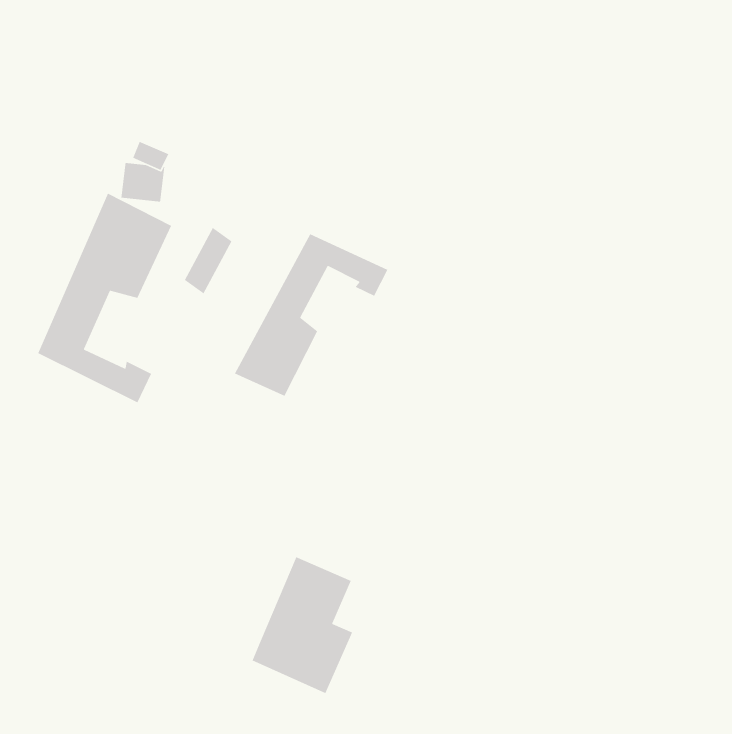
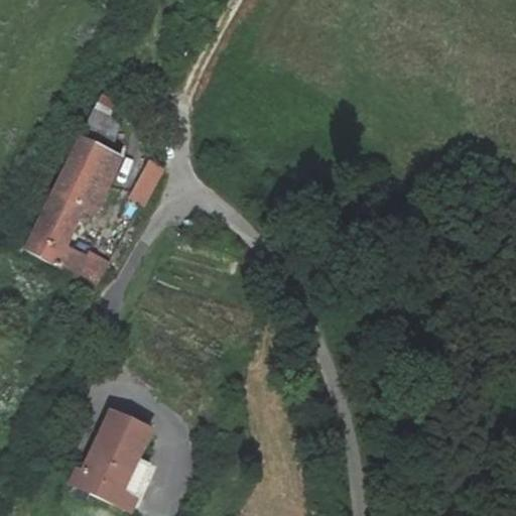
building: [234,233,388,397] -> none
building: [251,556,353,694] -> [78,410,149,507]

